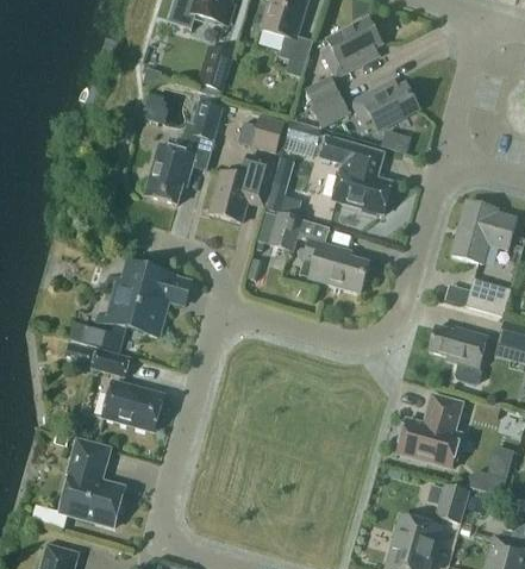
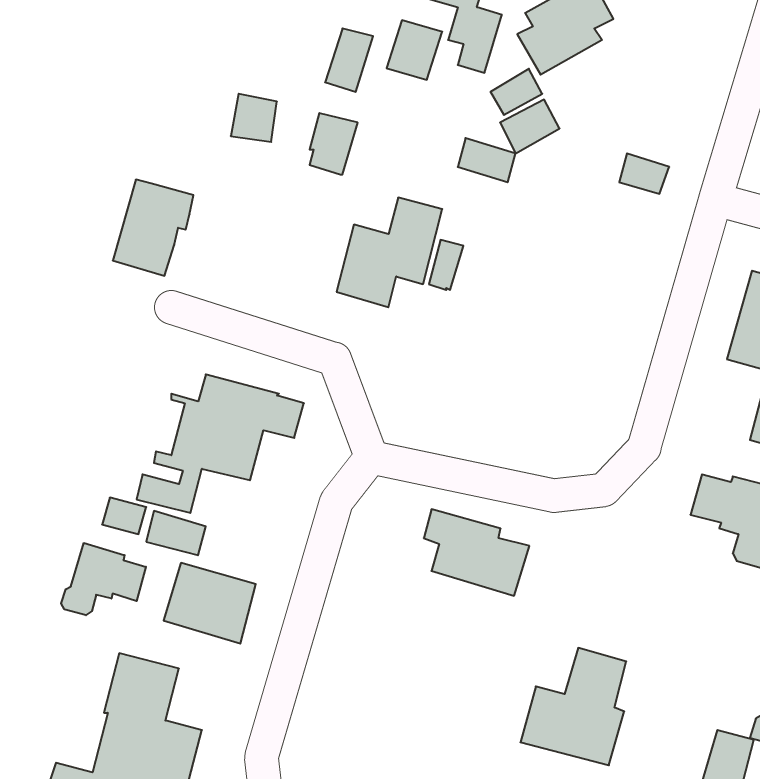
building: [351,81,419,130] -> none
building: [250,114,285,151] -> [387,20,442,80]
building: [320,135,392,214] -> none
building: [144,144,194,204] -> [113,180,193,276]
building: [268,211,302,251] -> none
building: [304,238,369,292] -> [424,509,529,596]
building: none -> [61,543,146,615]
building: [396,394,462,467] -> [520,648,626,765]

